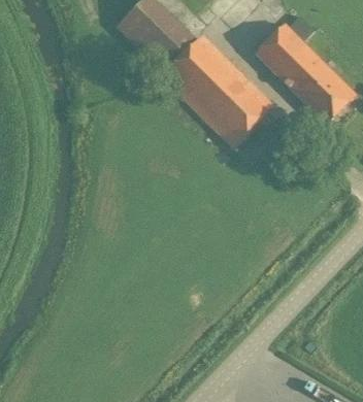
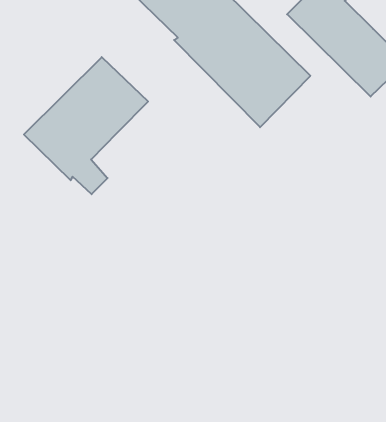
building: none -> [24,57,148,194]

